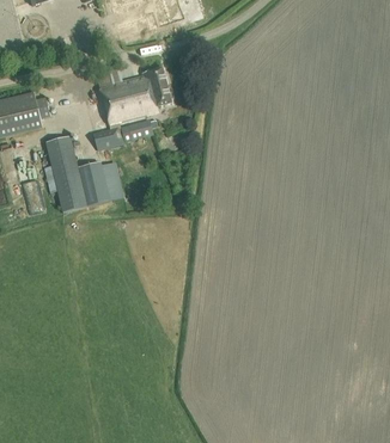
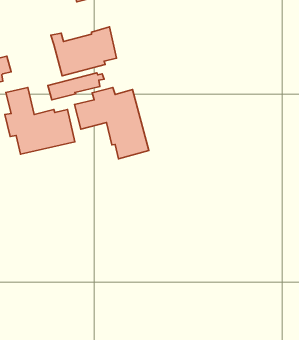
building: none -> [74,88,149,159]

